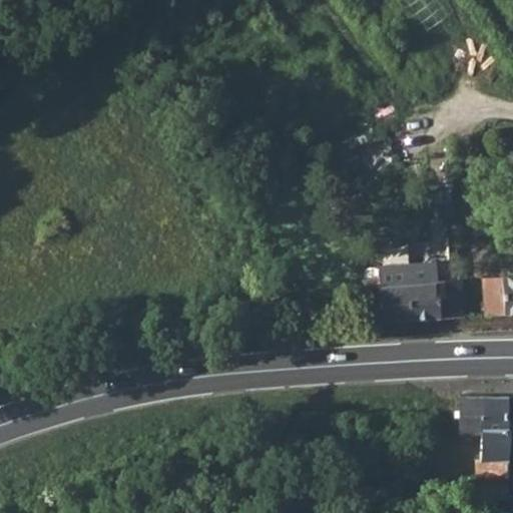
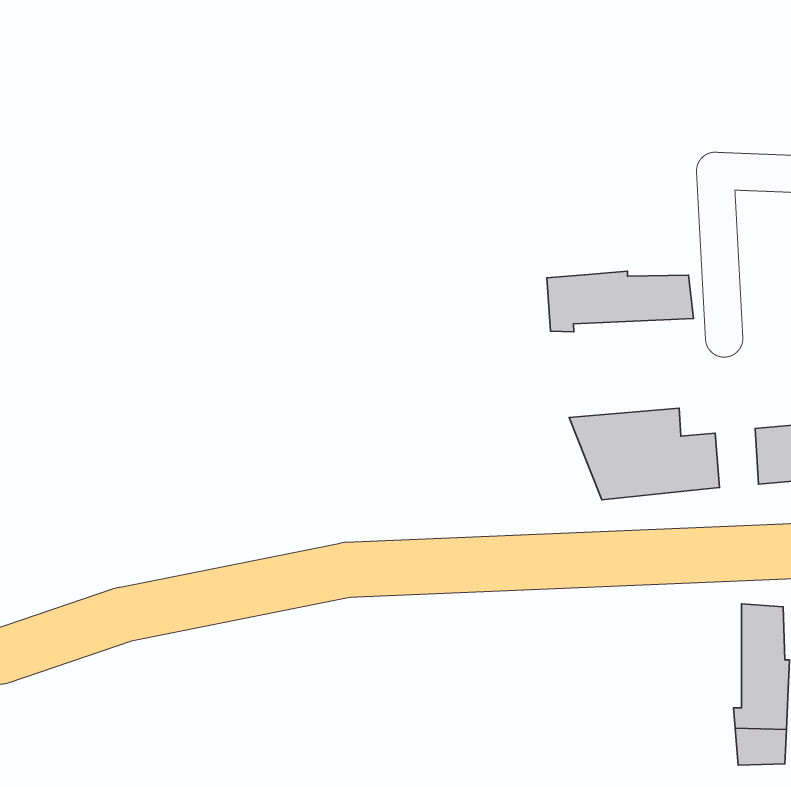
building: none -> [547,271,693,332]
building: [457,389,480,433] -> none

